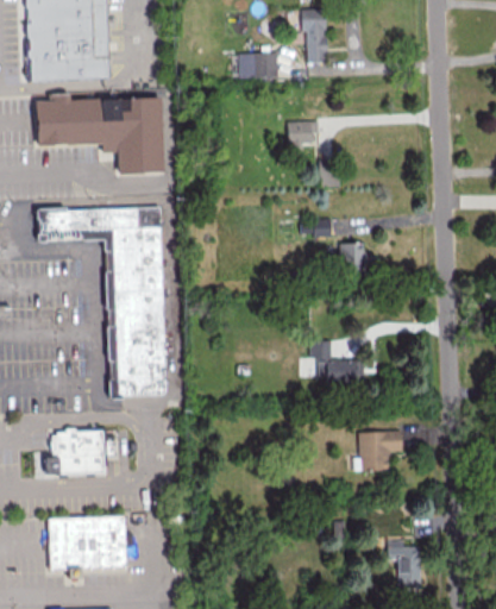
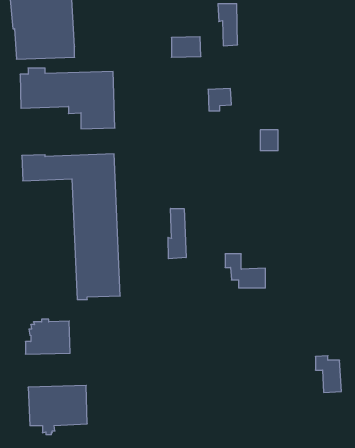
building: [339,241,363,269] -> [260,130,278,151]
building: none -> [168,208,186,259]
building: [358,429,402,471] -> none
building: [387,540,421,589] -> [315,356,341,392]

